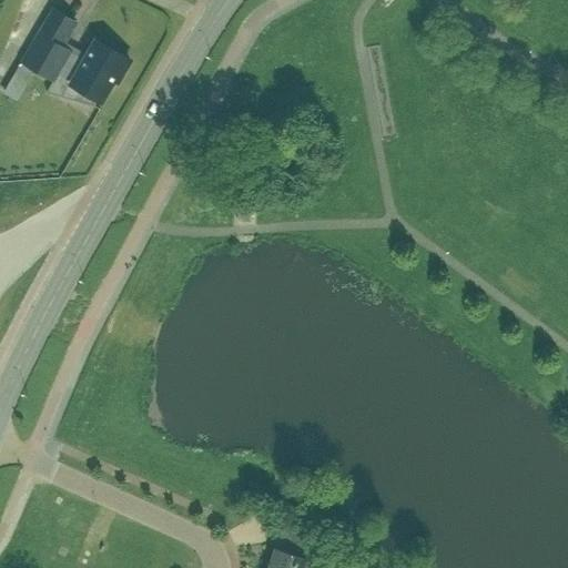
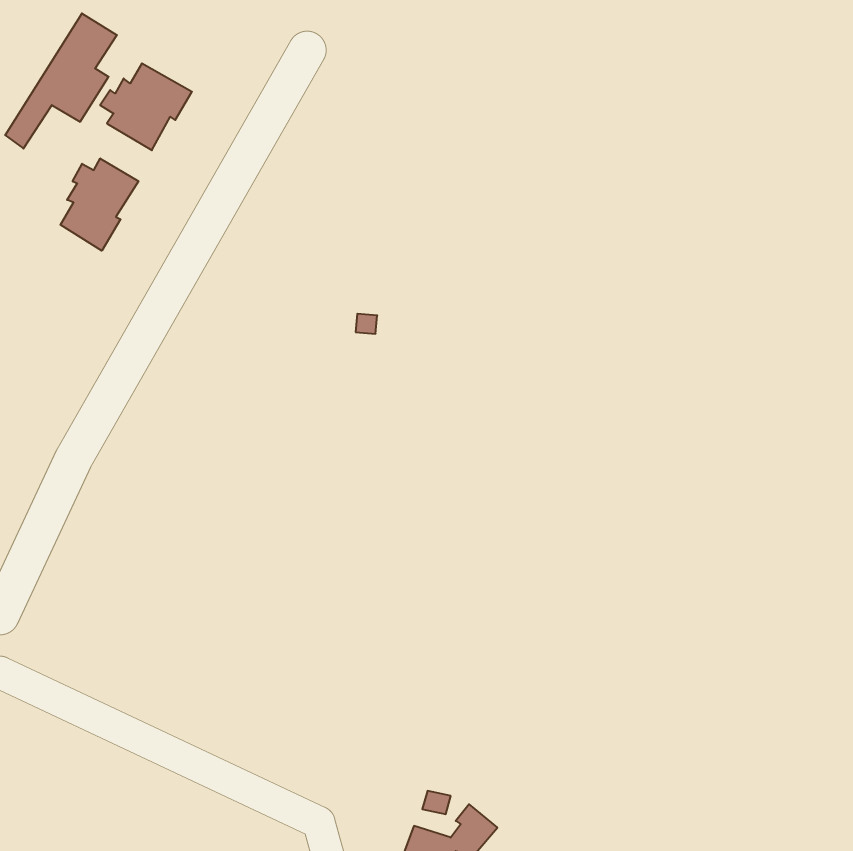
building: none -> [60,158,138,251]

